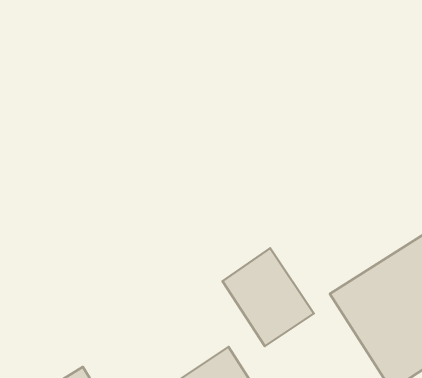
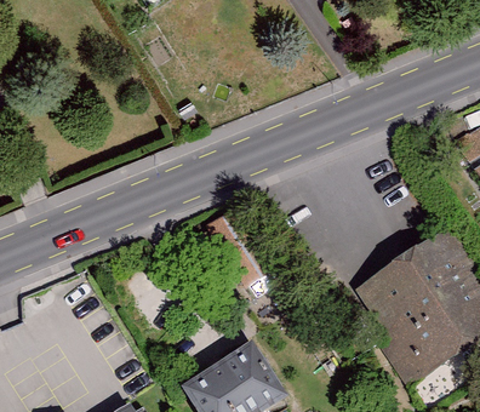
building: [222,248,314,346] -> none

